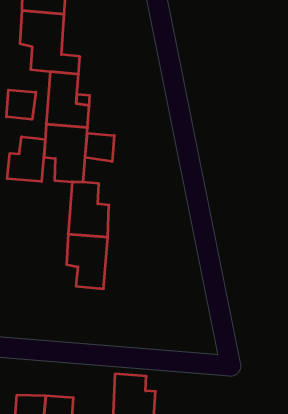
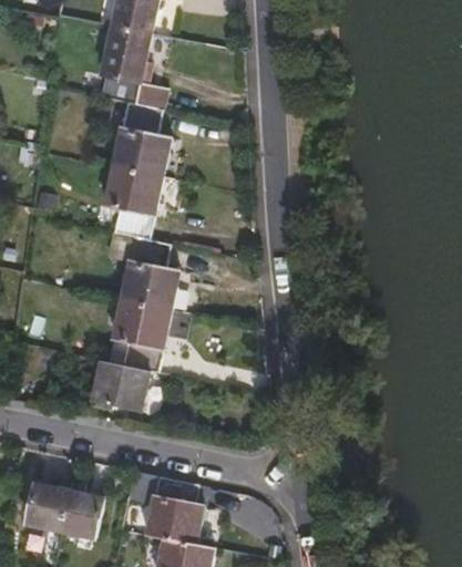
building: [6,90,36,119] -> none
building: [85,133,114,162] -> none
building: [7,137,45,182] -> none
building: none -> [94,361,152,412]

